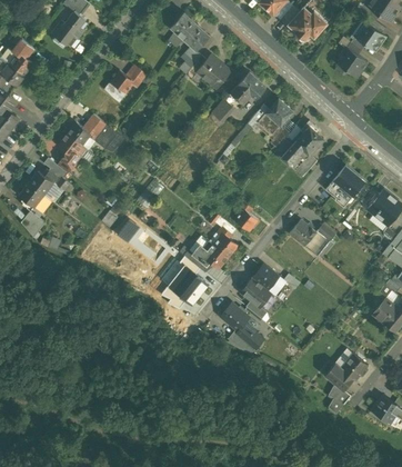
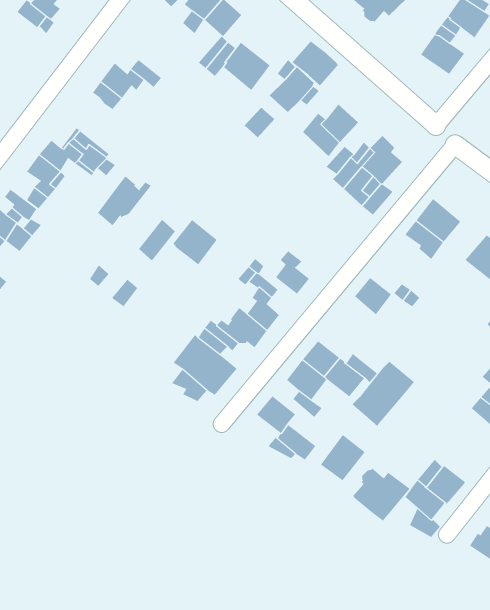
building: none -> [292,40,339,87]
building: none -> [97,176,151,226]
building: none -> [173,219,218,266]
building: none -> [352,361,415,427]
building: none -> [320,434,366,481]
building: none -> [353,467,410,521]

